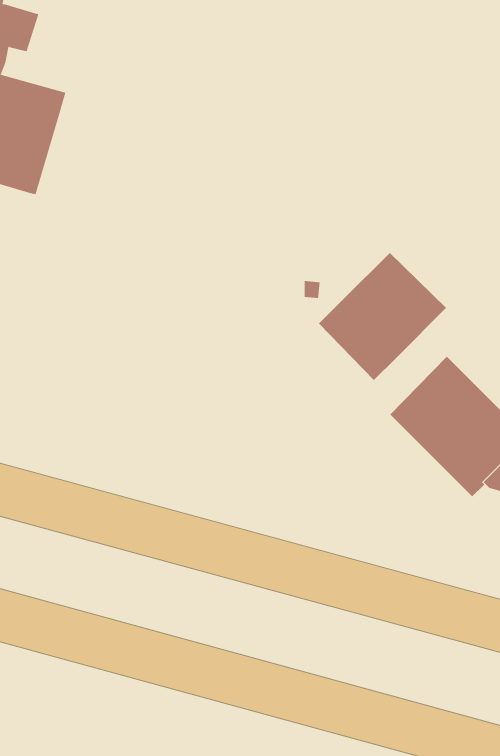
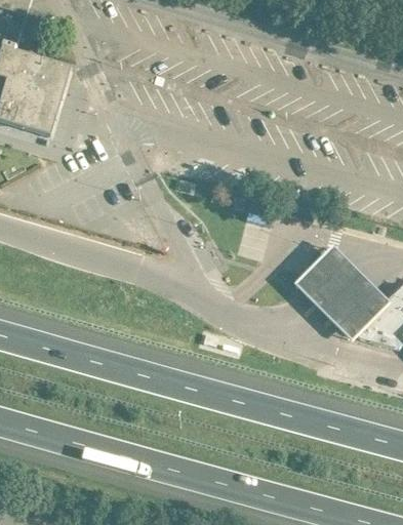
building: [318,252,447,381] -> none

